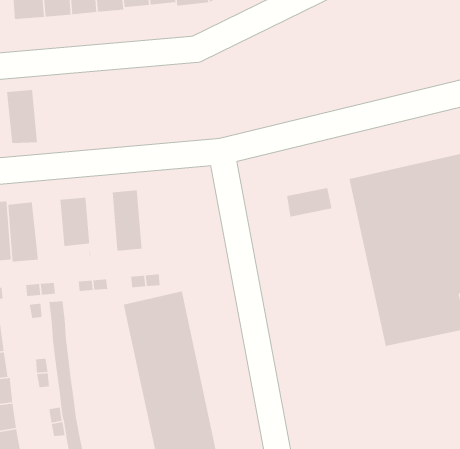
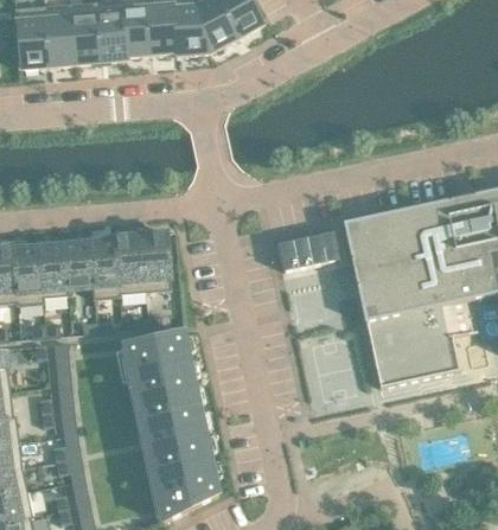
building: [6,89,38,150] -> [37,242,68,301]
building: none -> [139,230,171,290]
building: none -> [89,235,119,298]

